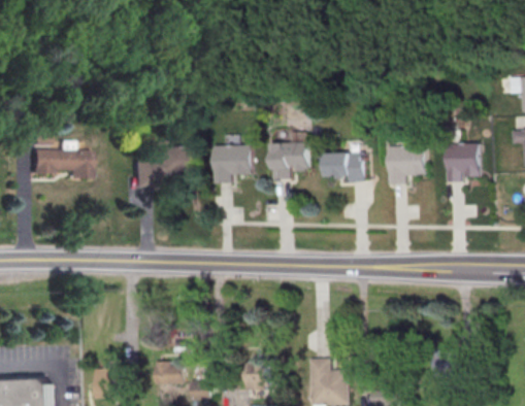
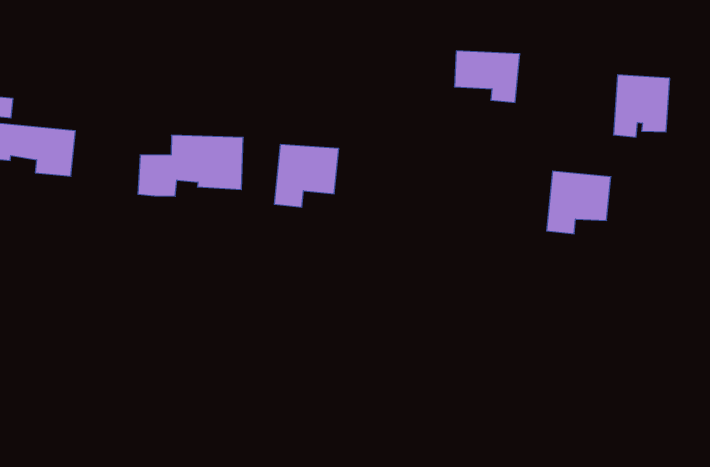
building: [271,142,308,181] -> none
building: [446,143,480,182] -> [613,75,670,137]
building: [324,151,364,182] -> [454,51,520,102]

